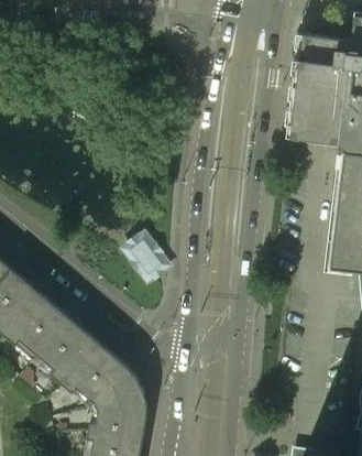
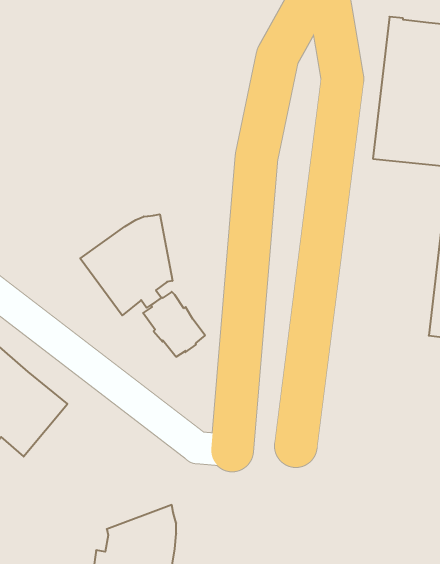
building: none -> [80,214,172,315]
building: [34,314,142,405] -> none

